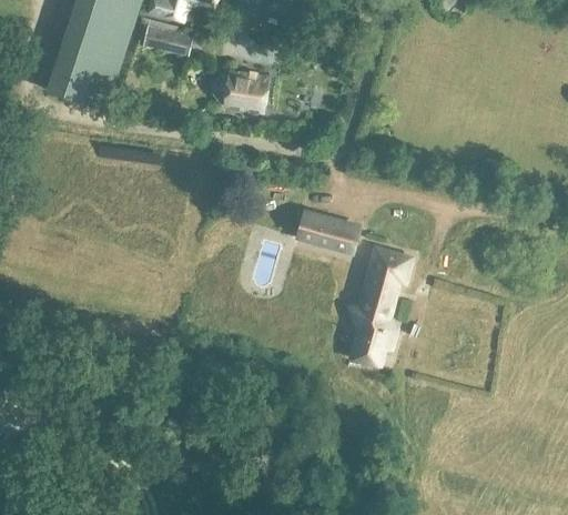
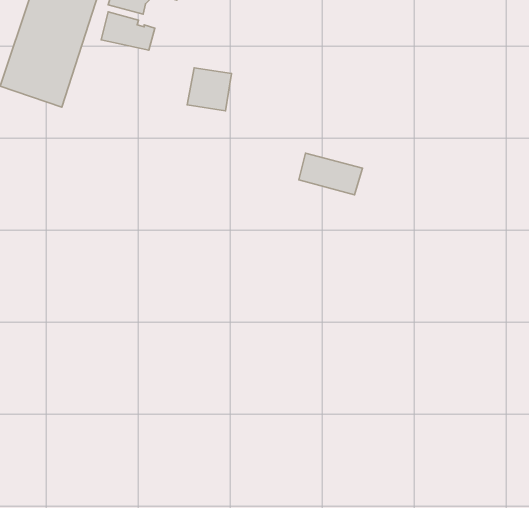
building: [297,213,358,253] -> [299,153,363,195]
building: [352,249,409,364] -> none

